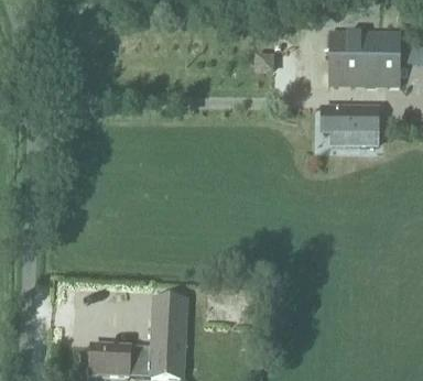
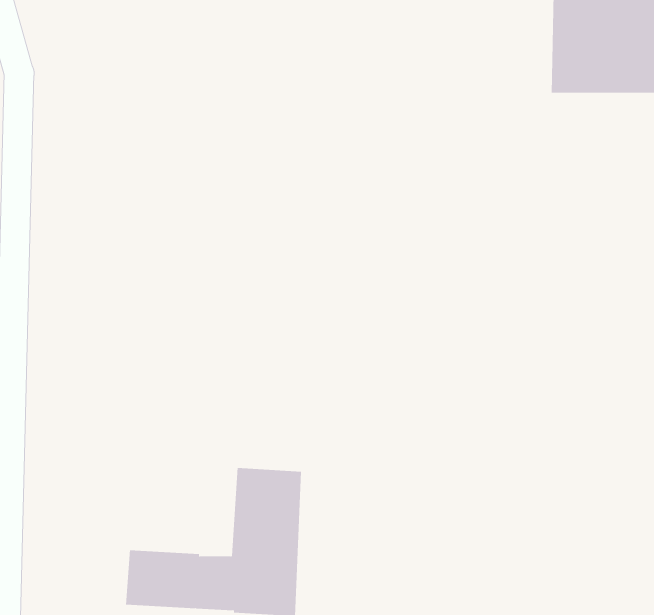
building: [321,100,373,137] -> none

